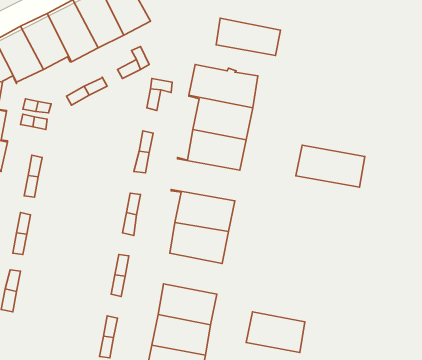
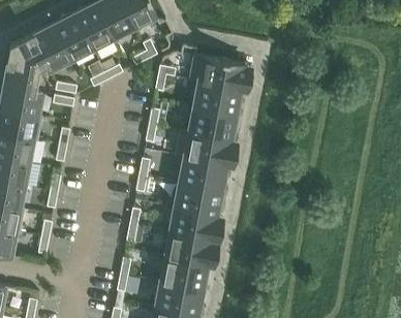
building: [216,18,280,56] -> none
building: [296,145,365,187] -> [175,131,230,165]
building: [246,312,305,353] -> [168,208,216,241]

